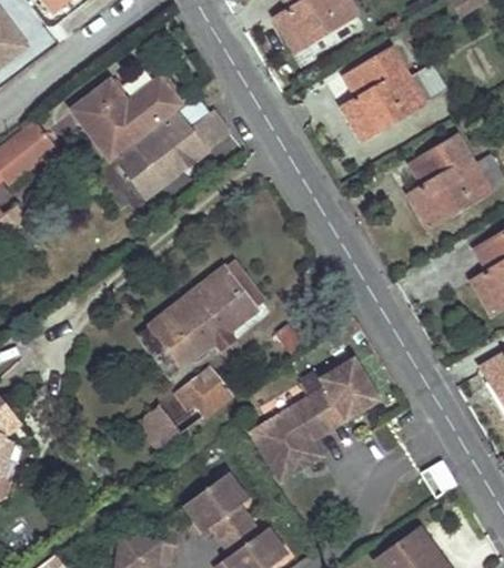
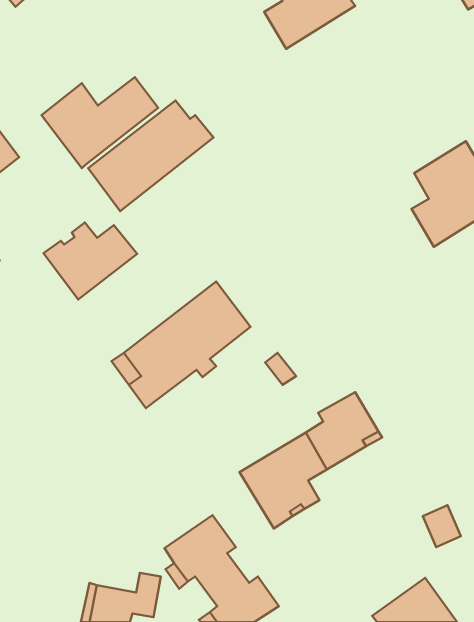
building: [342,47,445,138] -> none
building: none -> [43,222,137,299]
building: [137,367,231,449] -> none

